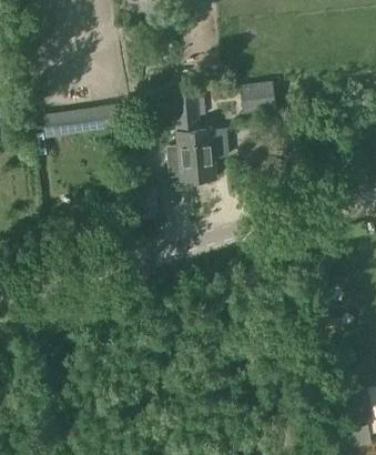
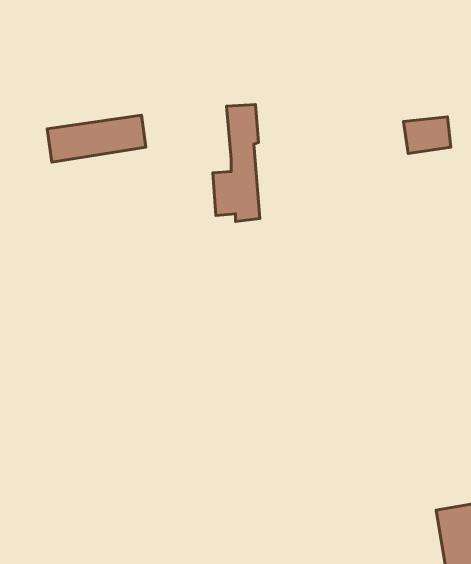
building: [242,84,276,111] -> [404,117,451,153]
building: [195,124,228,180] -> none

